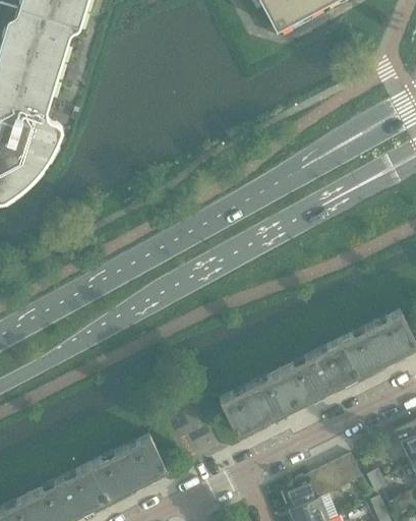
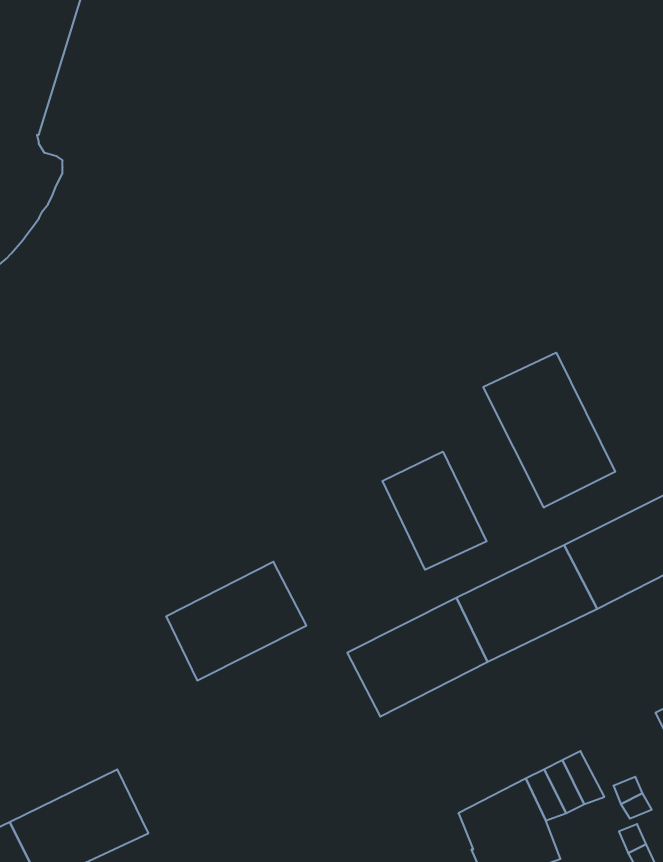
building: none -> [483,353,615,508]
building: none -> [382,452,487,570]
building: [92,435,170,501] -> [166,562,306,680]

